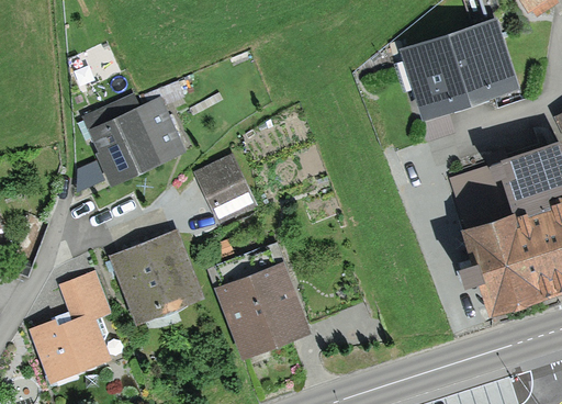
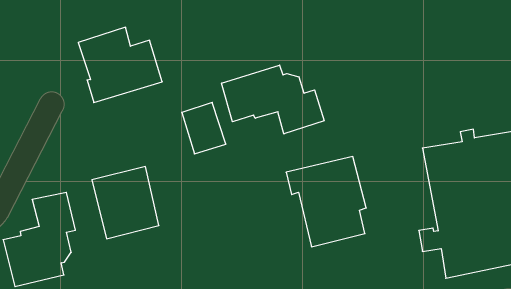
building: [409,30,509,111] -> none
building: none -> [222,65,324,134]
building: [210,248,299,346] -> [286,157,366,247]

